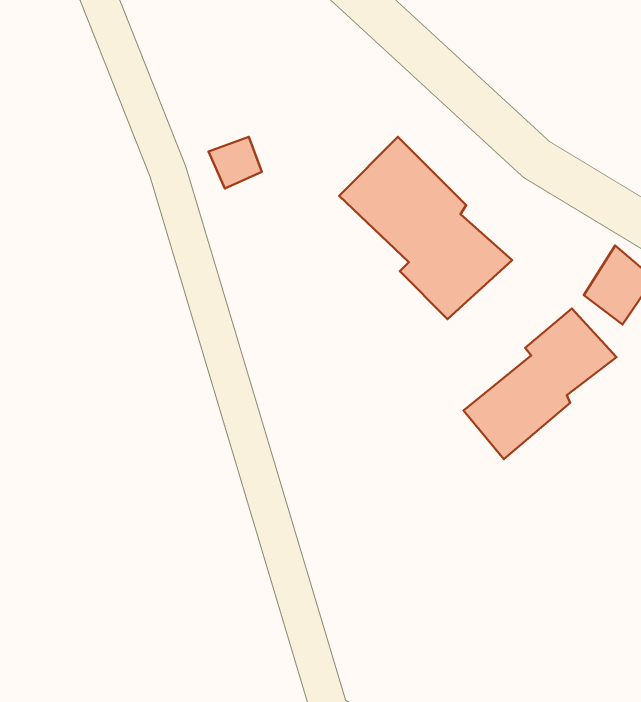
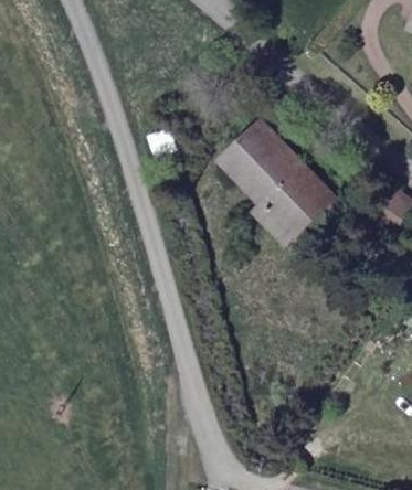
building: [464,308,616,459] -> none

